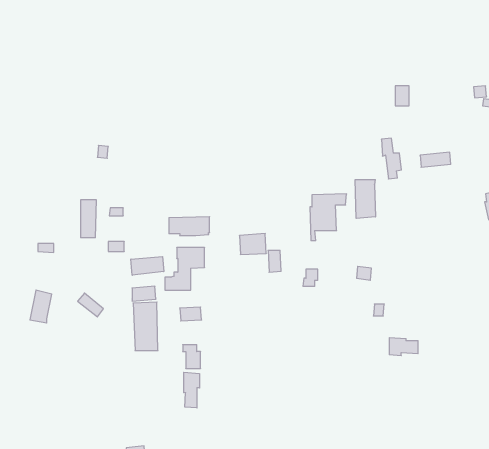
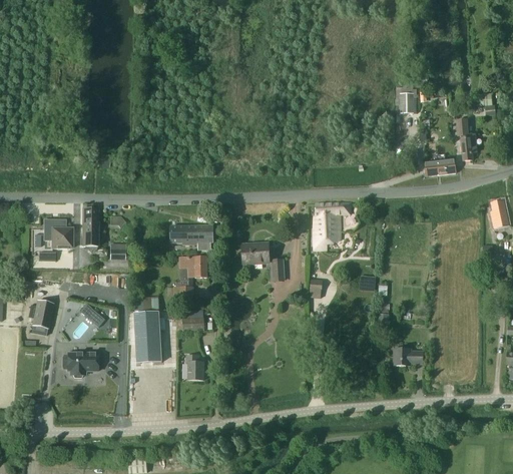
building: [381,138,401,179] -> [457,119,477,160]
building: [355,180,375,218] -> none
building: none -> [44,219,72,248]
building: [131,257,164,275] -> none
building: none -> [62,353,97,378]
building: [184,372,200,408] -> none

